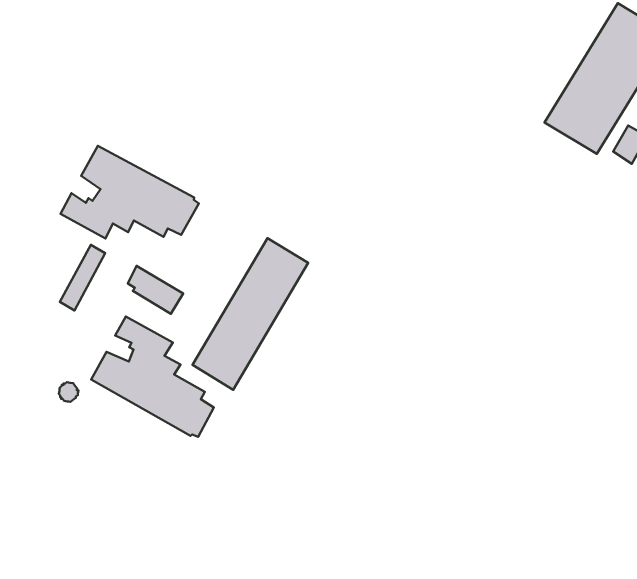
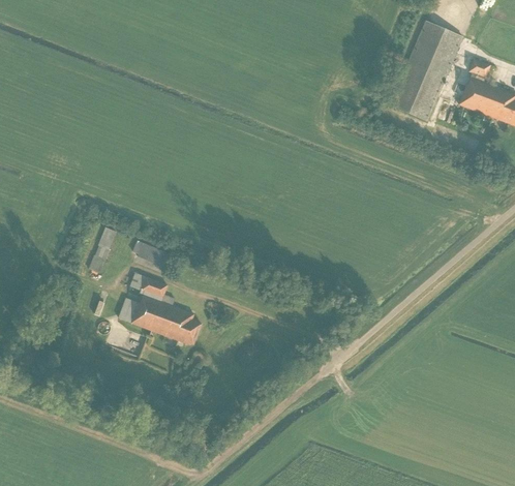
building: [60,146,199,239] -> none
building: [192,238,308,390] -> none

